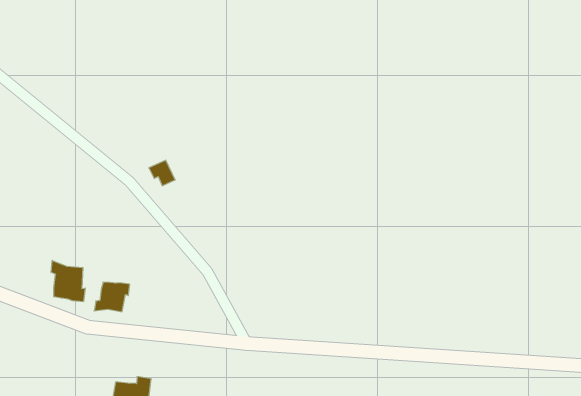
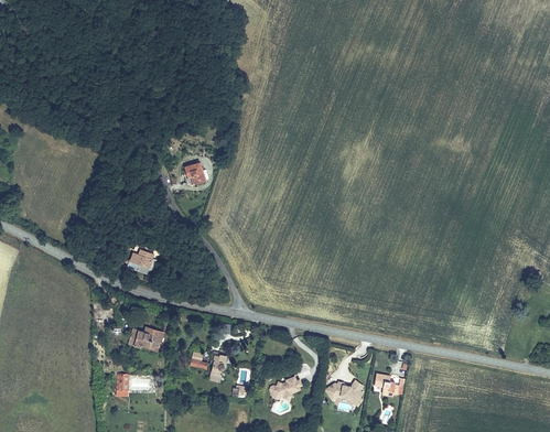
building: [51,260,85,302] -> none

